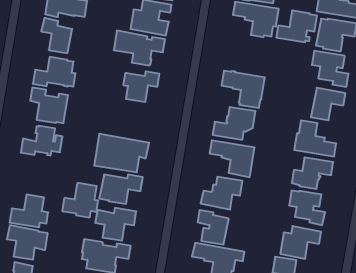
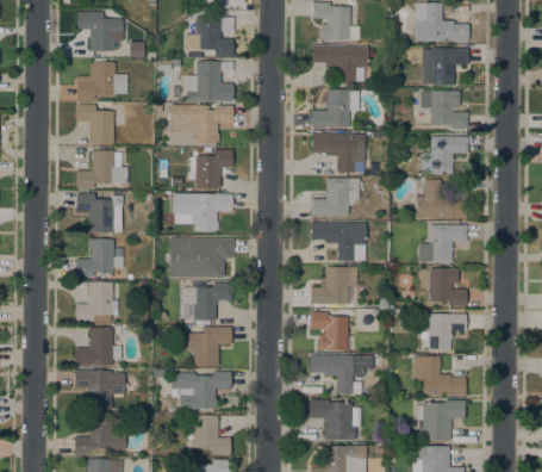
building: [276,11,317,42] -> [312,89,359,126]
building: none -> [173,193,232,231]
building: [62,183,98,217] -> [75,282,118,323]

